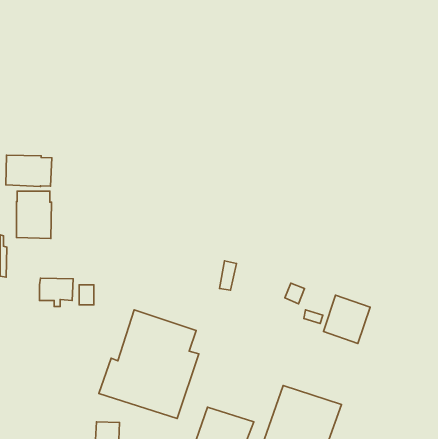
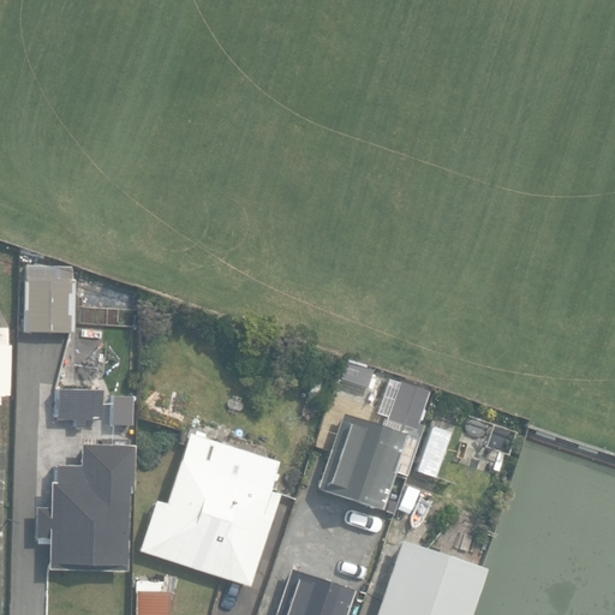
building: [6,155,52,186] -> none
building: none -> [318,413,410,512]
building: none -> [37,440,136,571]

